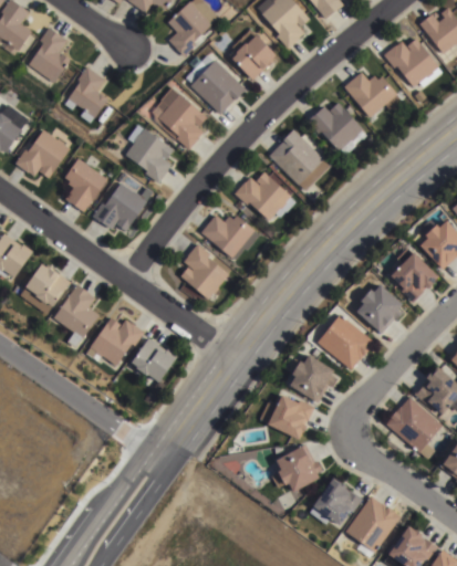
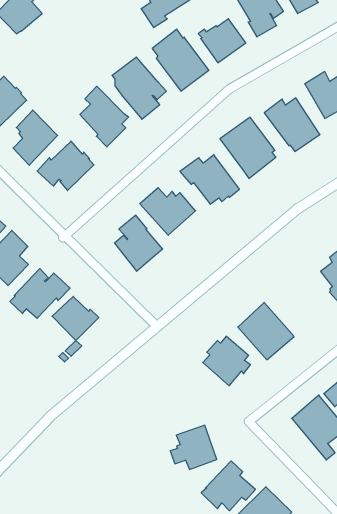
building: [64,67,108,124] -> none
building: [356,281,403,332] -> none
building: [260,391,314,437] -> none

